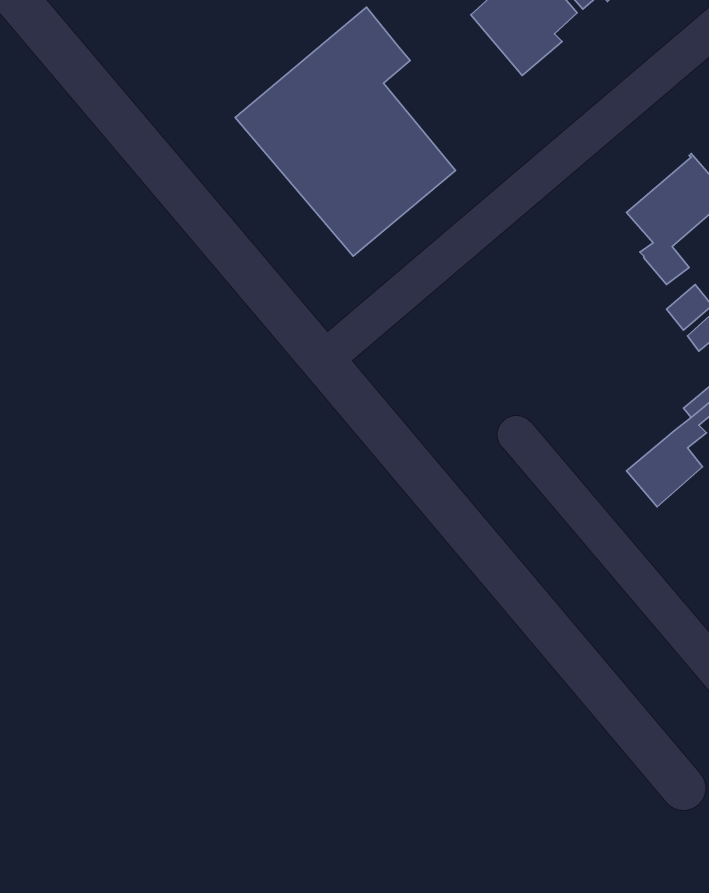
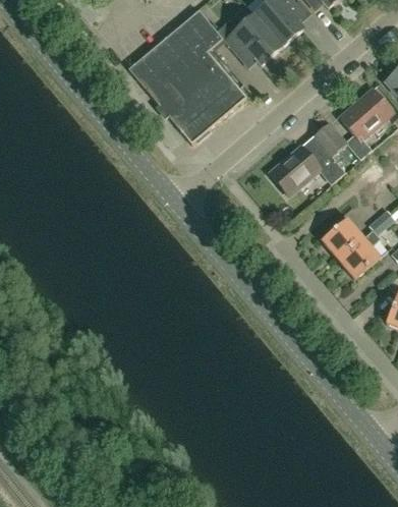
building: none -> [216,13,282,67]
building: none -> [270,122,347,195]
building: none -> [323,218,363,258]

